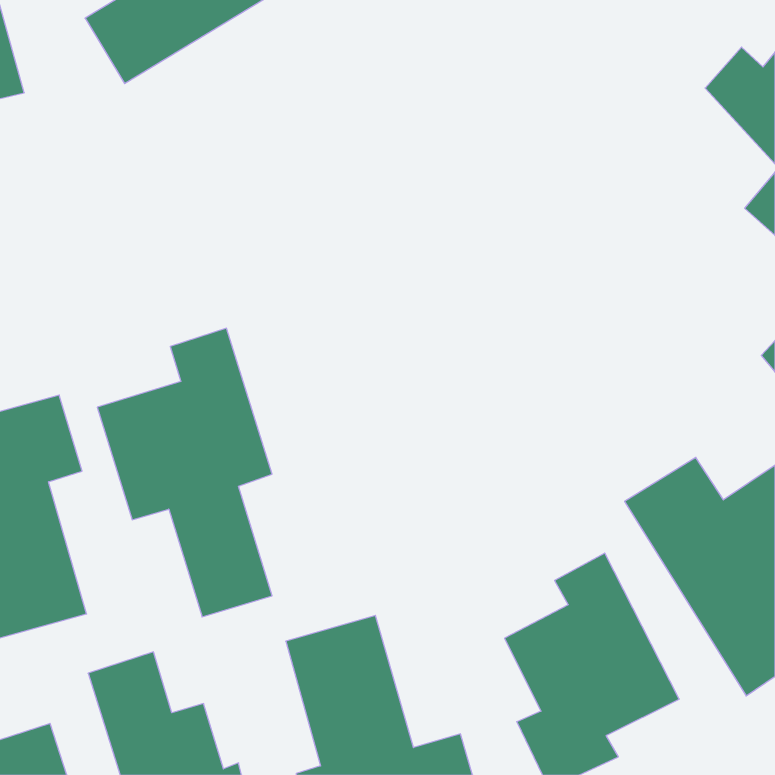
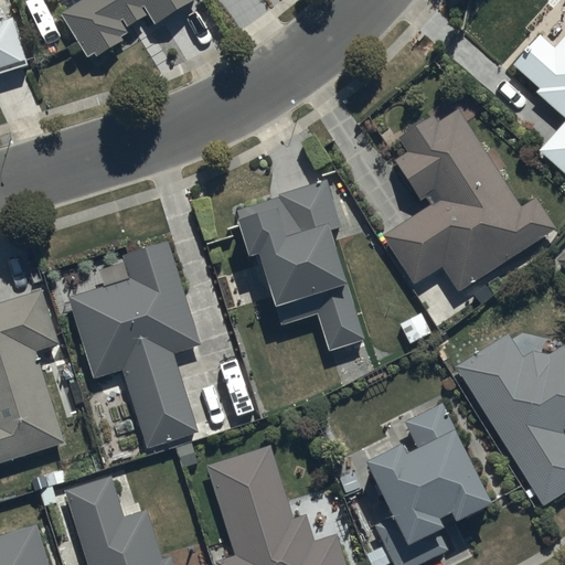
building: none -> [383,110,555,292]
building: none -> [241,185,369,351]

